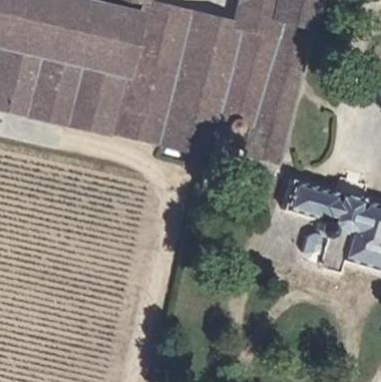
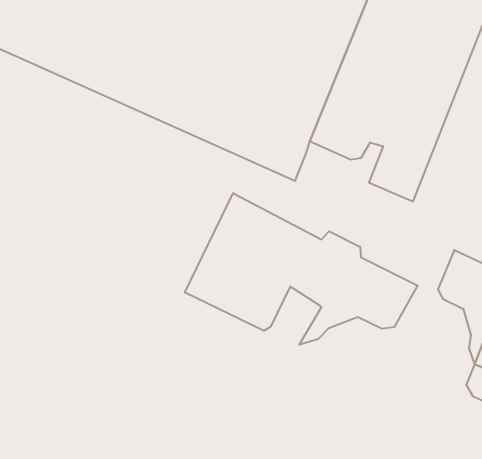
building: none -> [185,193,418,345]

